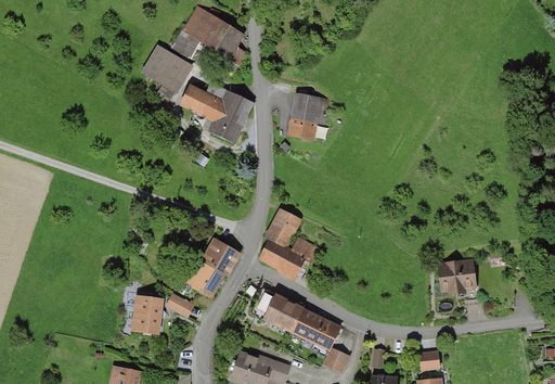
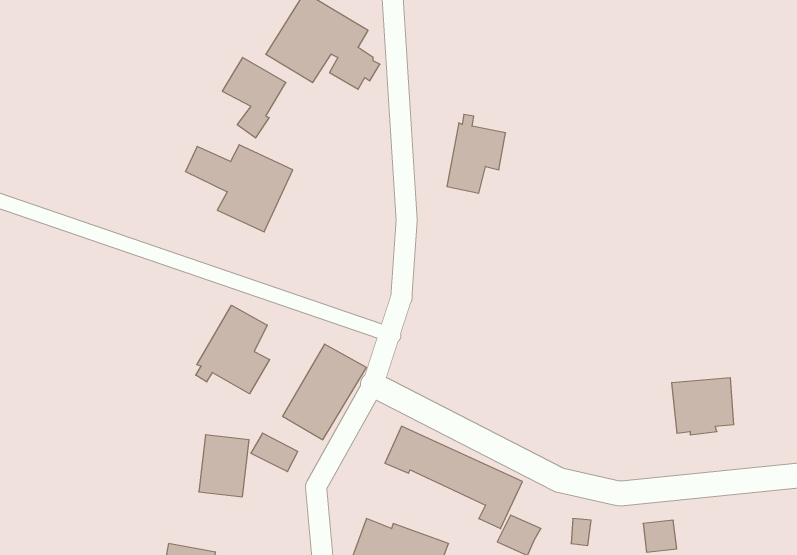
building: [182,86,251,142] -> [185,145,293,232]
building: [258,207,318,278] -> none
building: none -> [196,305,270,394]

